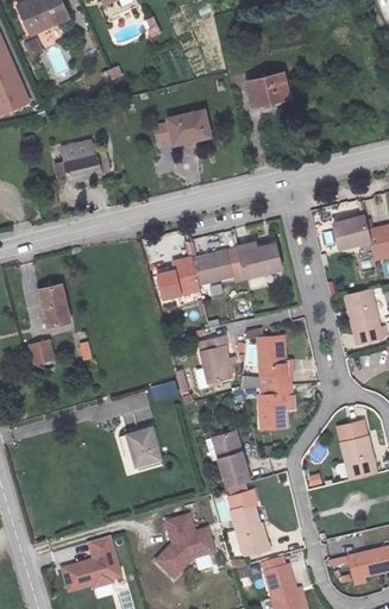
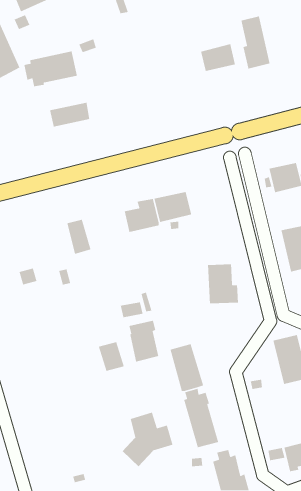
building: none -> [241,16,270,70]
building: none -> [24,51,78,87]
building: [164,111,211,142] -> none
building: [236,240,281,278] -> none
building: [40,282,70,325] -> [67,219,91,255]
building: [197,334,234,385] -> [129,320,159,362]
building: [256,383,295,429] -> none
building: [59,535,121,595] -> none

